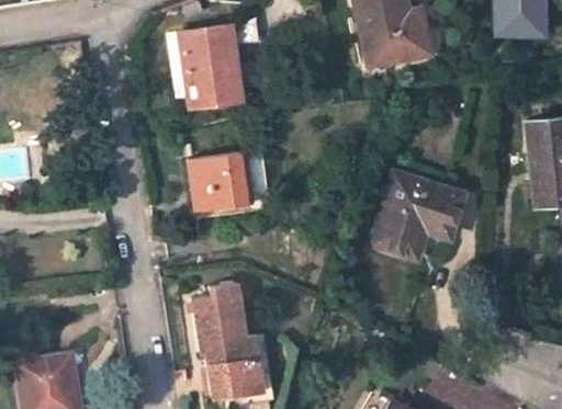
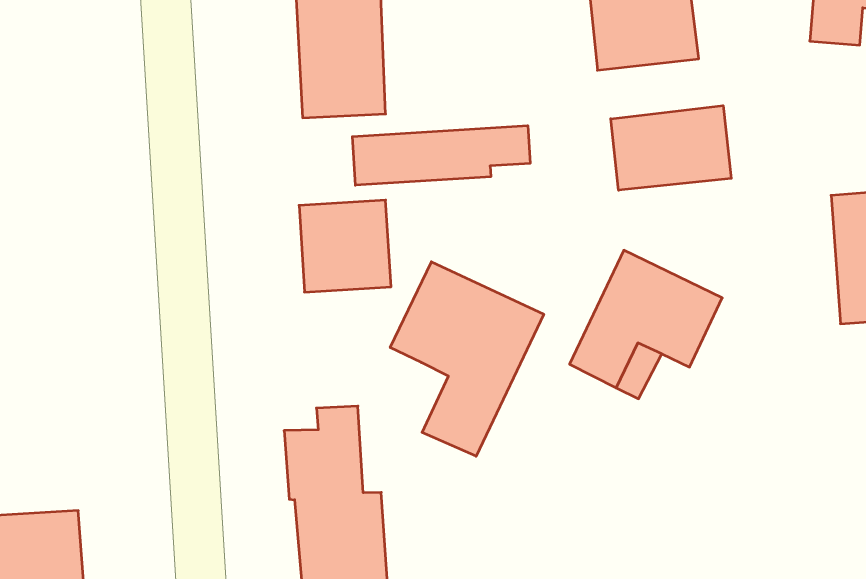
building: none -> [611,106,731,190]
building: none -> [352,126,530,185]
building: none -> [390,262,544,456]

